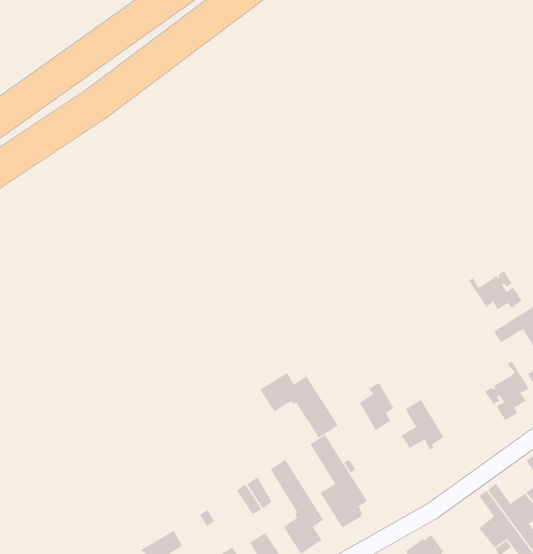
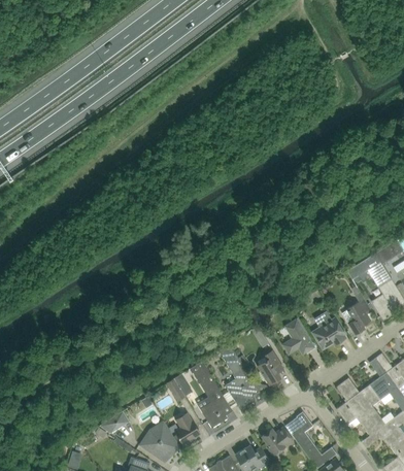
building: [468,270,522,311] -> none
building: [259,370,339,438] -> none
building: [359,382,394,431] -> [258,350,282,384]
building: none -> [313,313,345,348]

